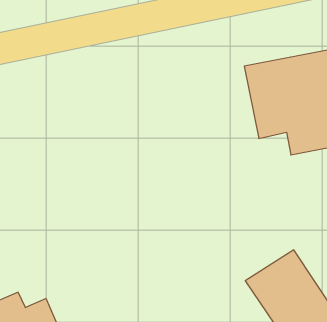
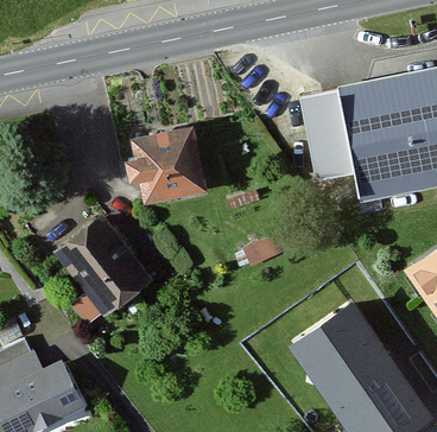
building: none -> [116,122,202,203]
building: none -> [49,212,147,315]

